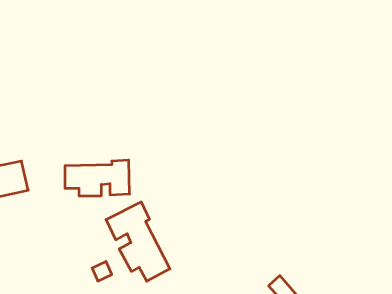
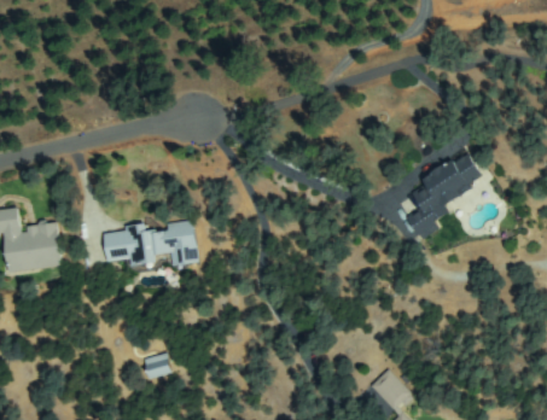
building: none -> [406,152,479,233]
building: [106,202,170,281] -> none

